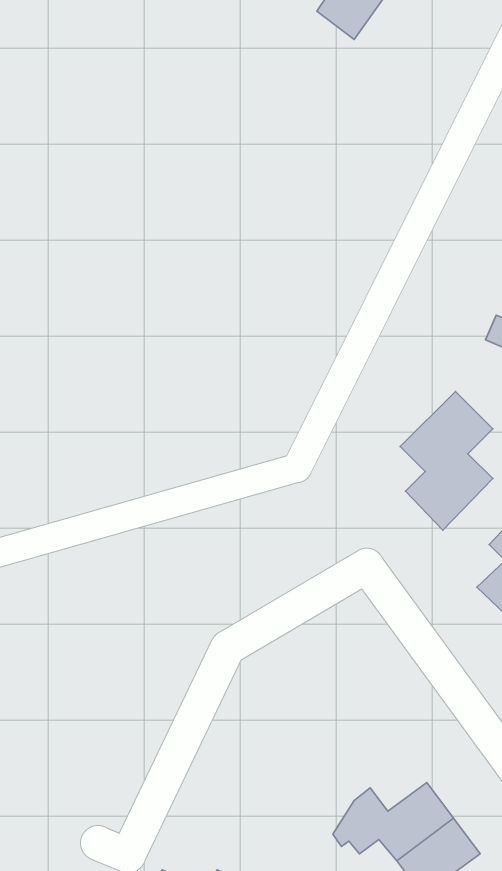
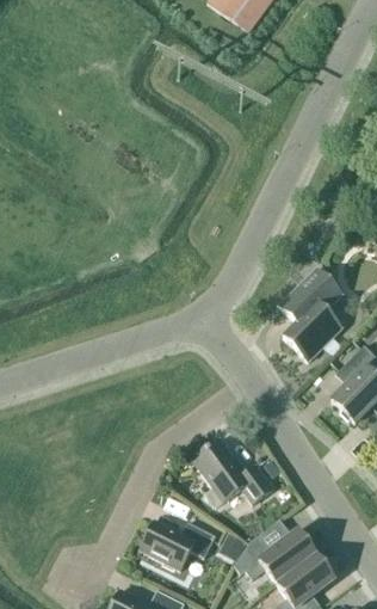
building: none -> [185,438,274,506]
building: none -> [141,521,217,568]

